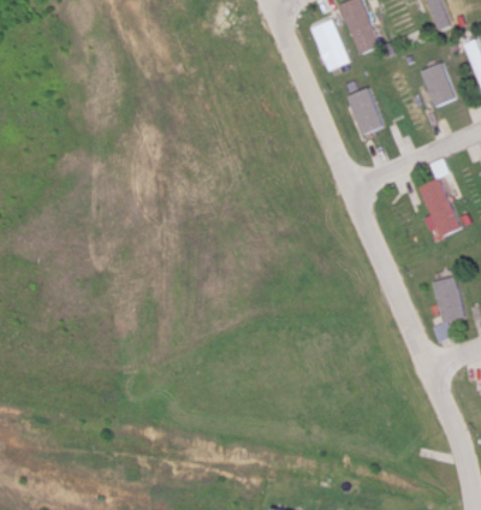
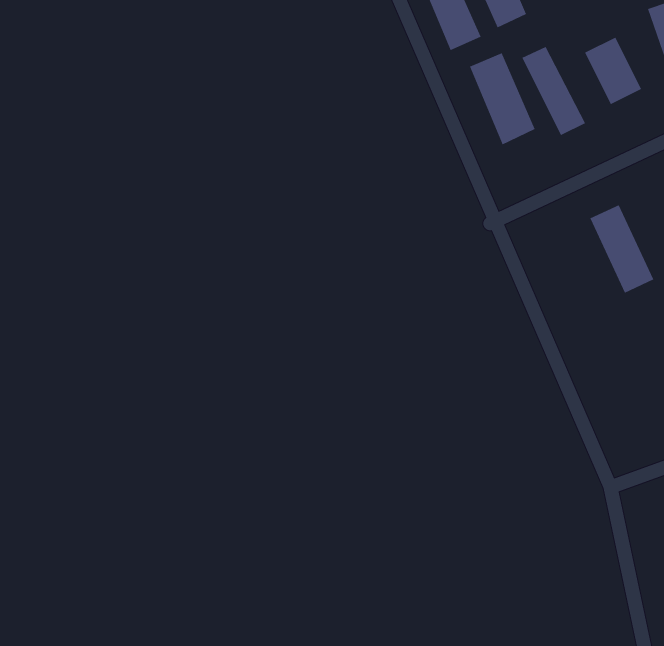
building: none -> [522,46,586,136]
building: [434,277,468,342] -> none

